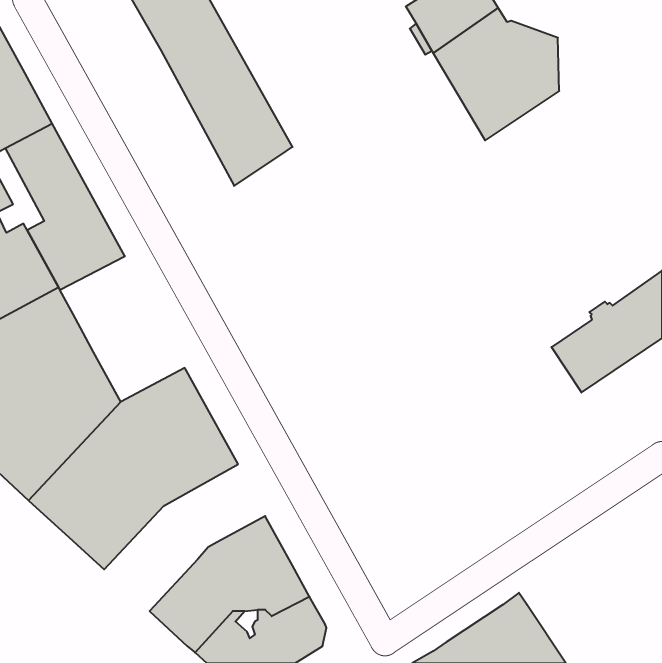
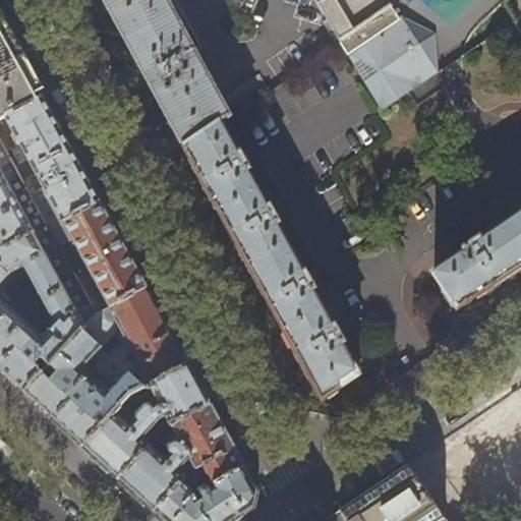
building: none -> [183,121,358,398]
building: none -> [47,200,144,314]
building: none -> [81,363,208,478]

